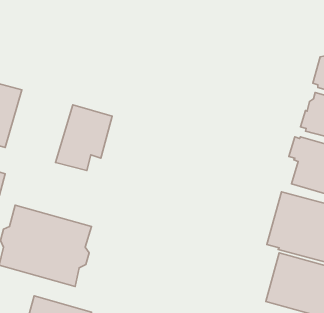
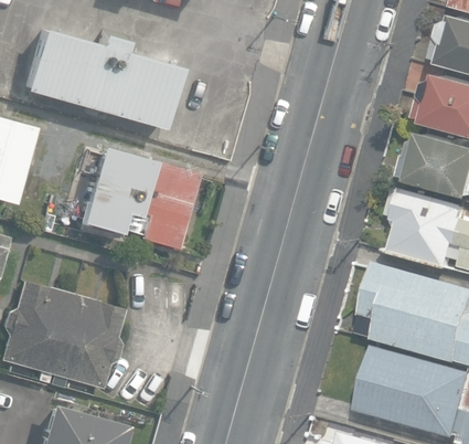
building: none -> [26,29,184,130]
building: none -> [138,162,199,251]

